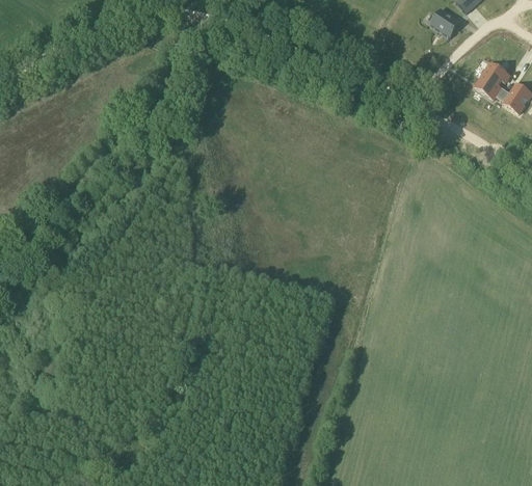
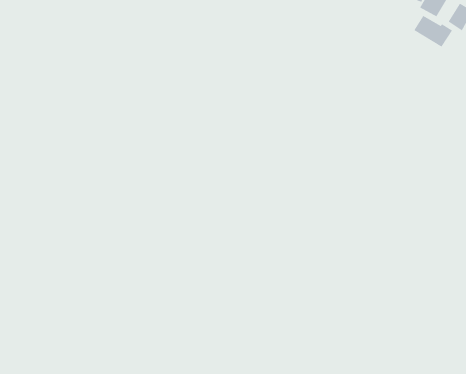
building: none -> [413,15,453,47]

